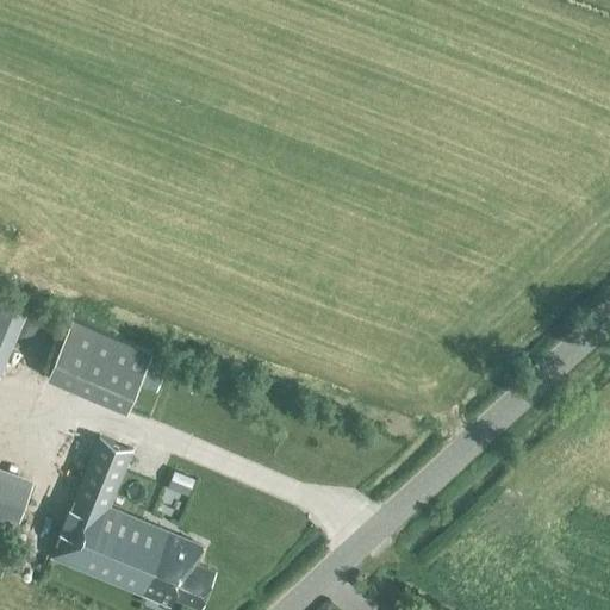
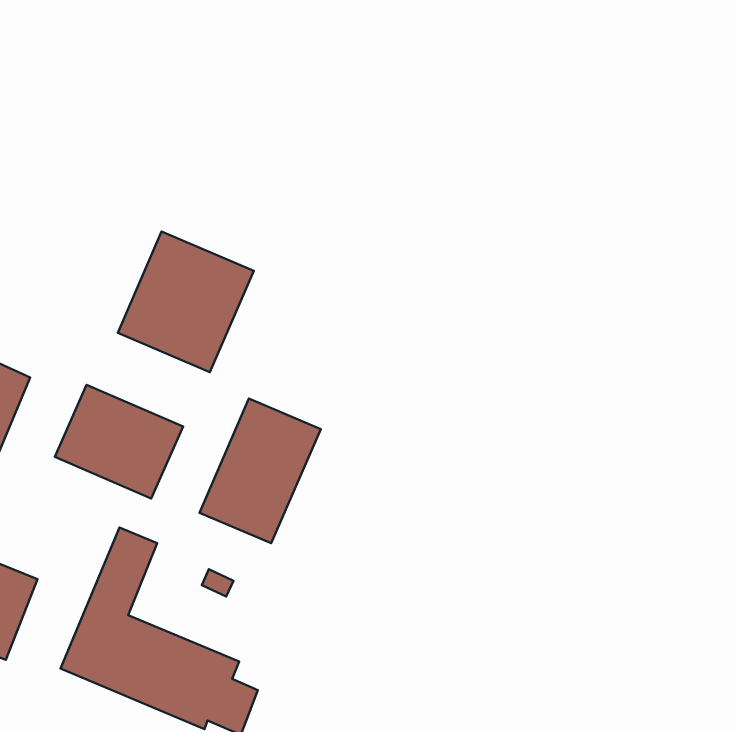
building: none -> [118,232,254,372]
building: none -> [199,399,321,543]

